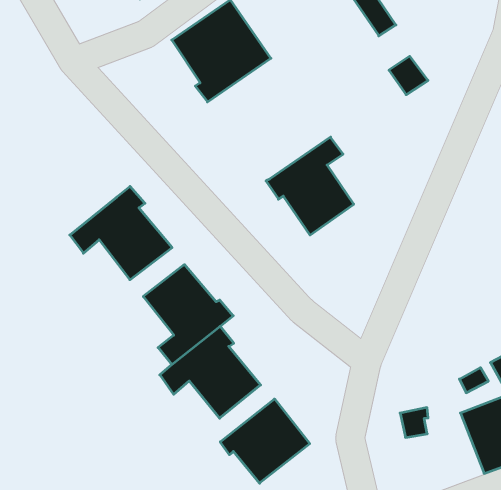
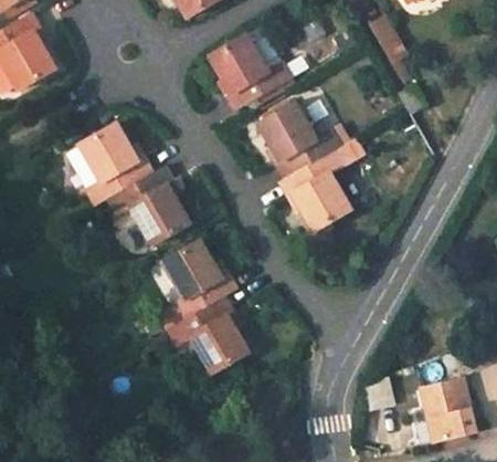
building: none -> [257,98,339,177]
building: none -> [63,130,150,213]
building: [220,399,310,483] -> none

